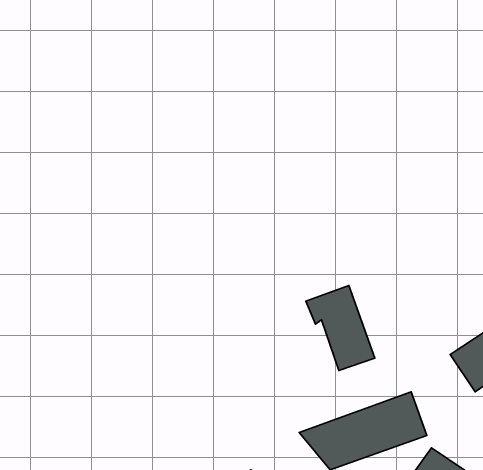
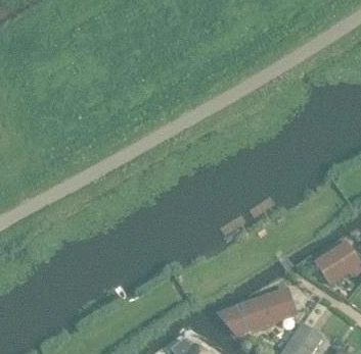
building: [306,286,375,371] -> none

